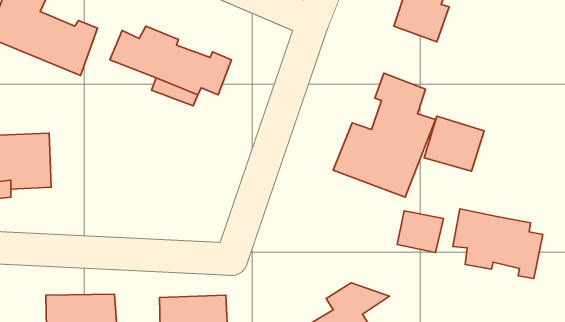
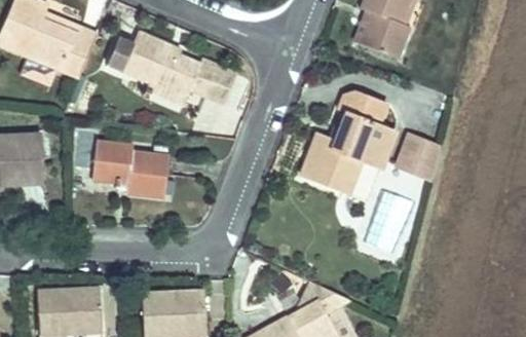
building: none -> [91,138,171,192]
building: [453,209,543,279] -> none

